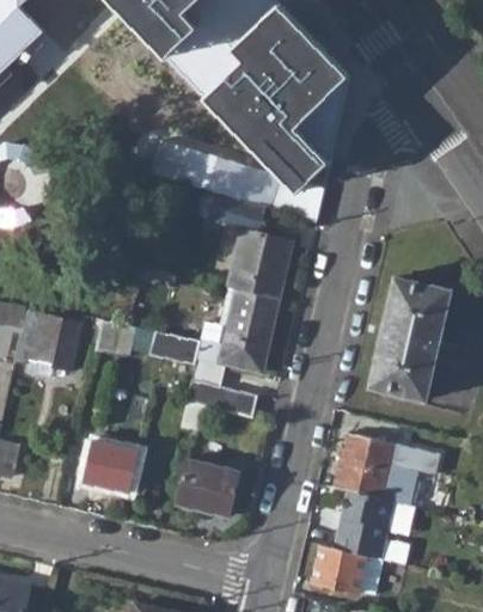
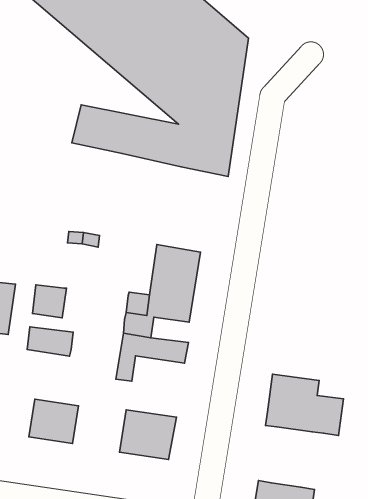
building: [192,188,292,299] -> none
building: [368,277,450,400] -> none
building: [148,329,198,363] -> [27,327,73,356]
building: [334,490,405,564] -> none

